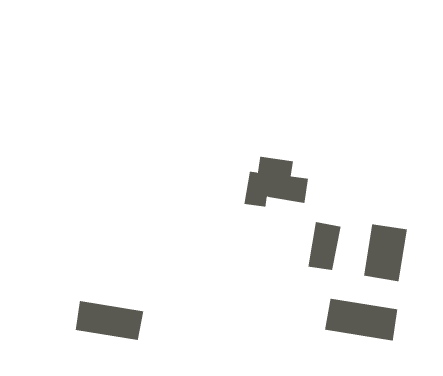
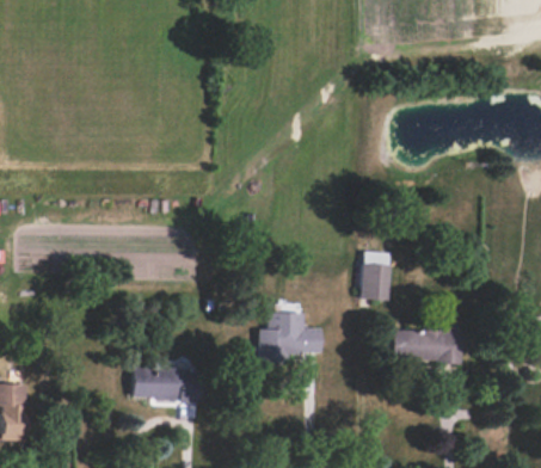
building: [243,156,309,207] -> [258,313,321,364]
building: [364,224,408,282] -> none

